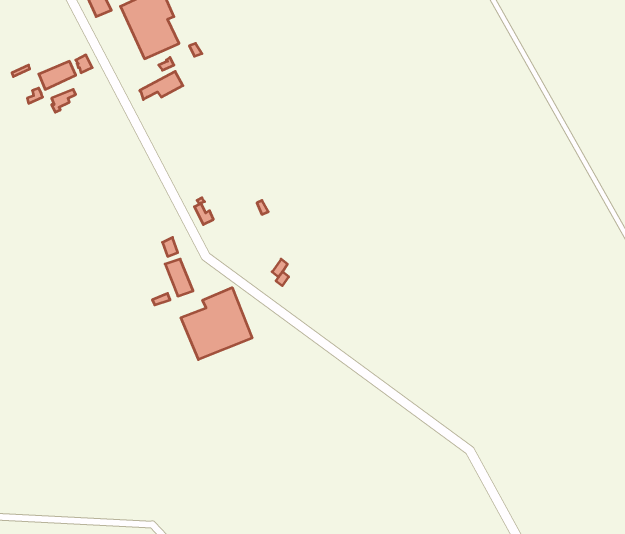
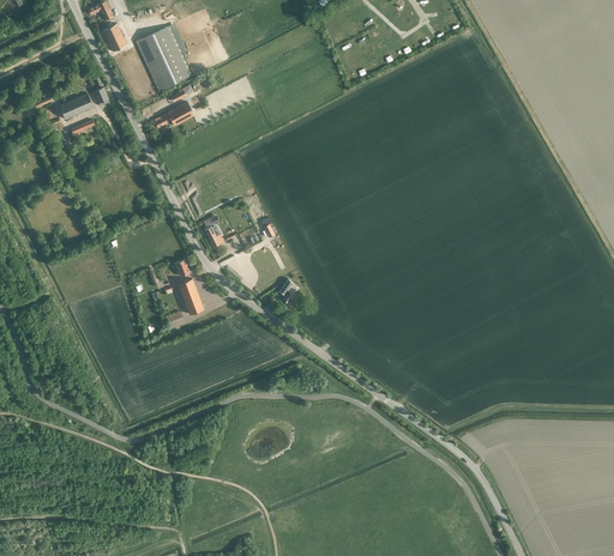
building: [181,288,252,360] -> none

